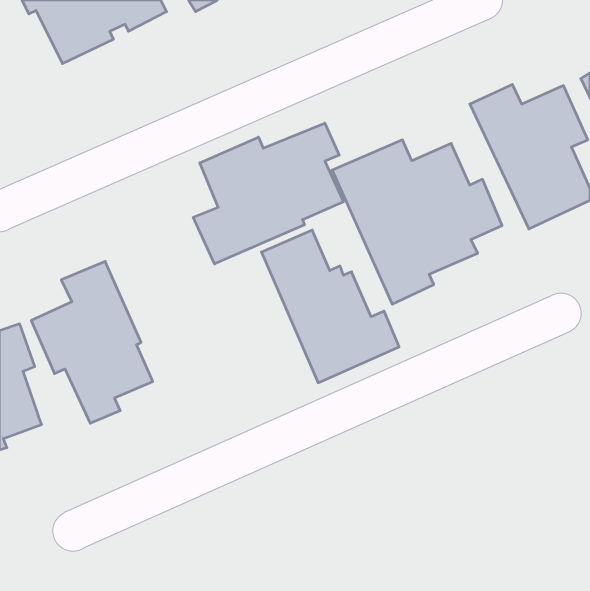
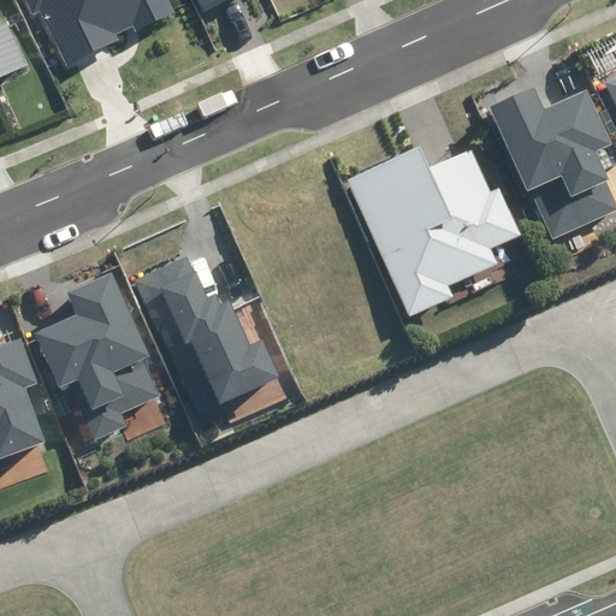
building: [193,123,343,264] -> none
building: [261,230,399,383] -> [135,256,278,415]

